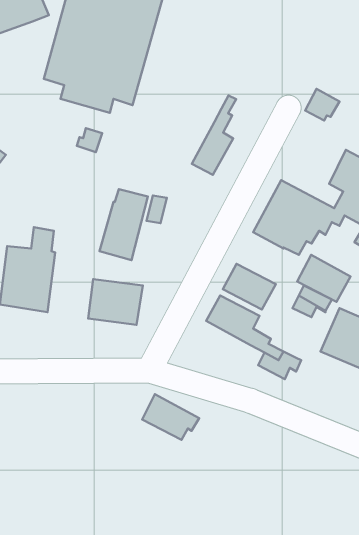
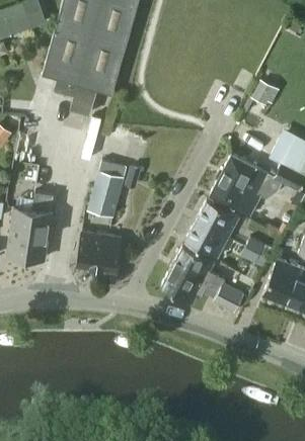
building: [192,95,236,175] -> none
building: [297,255,351,302] -> [197,199,239,237]
building: [142,394,199,440] -> [162,266,208,302]

